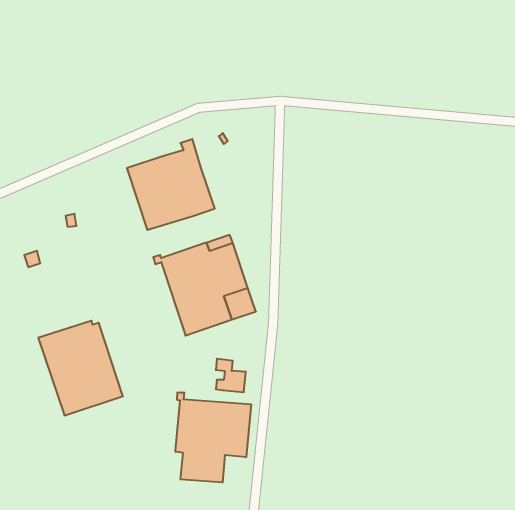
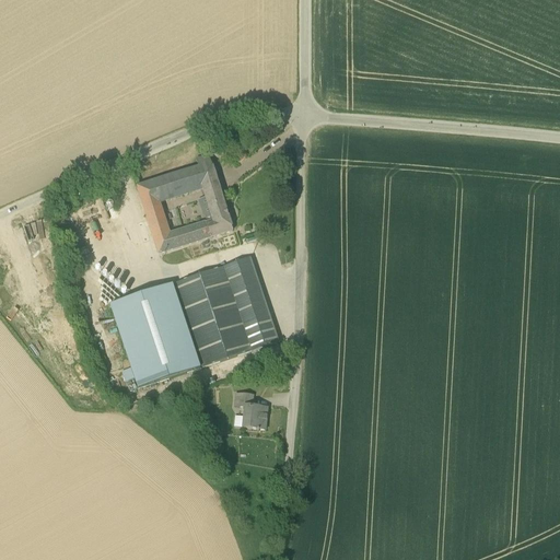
building: [38,321,123,415] -> [109,282,201,385]
building: [175,392,251,483] -> none

